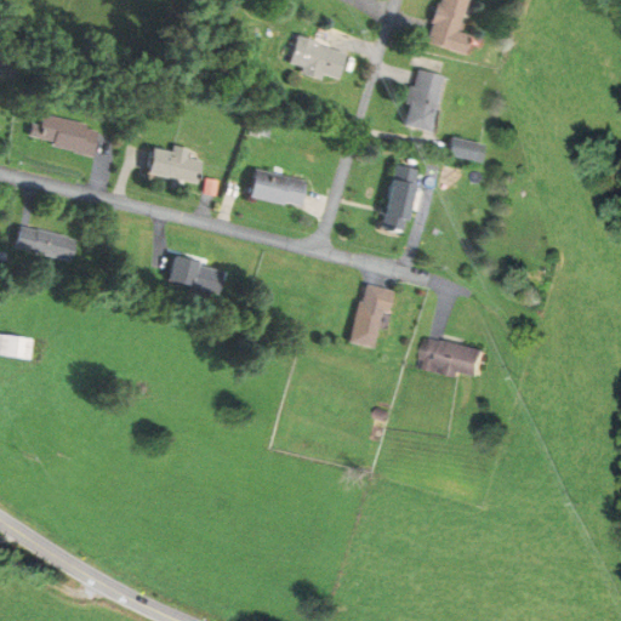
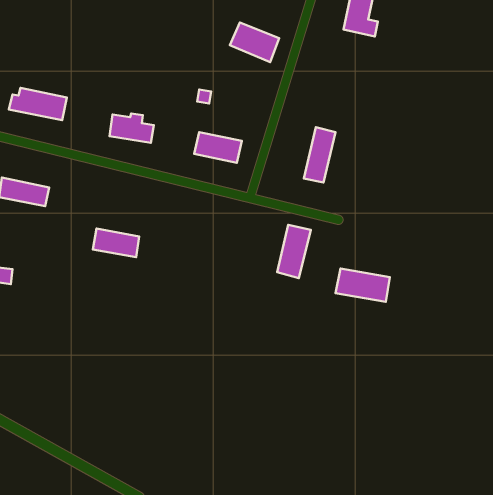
building: [406,67,449,131] -> none
building: [450,136,488,161] -> none
building: [163,256,220,291] -> [93,229,139,257]

